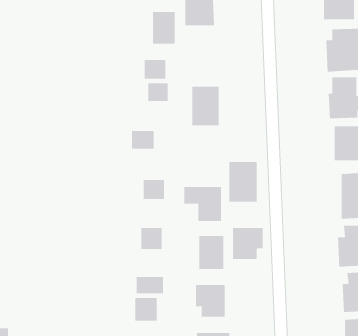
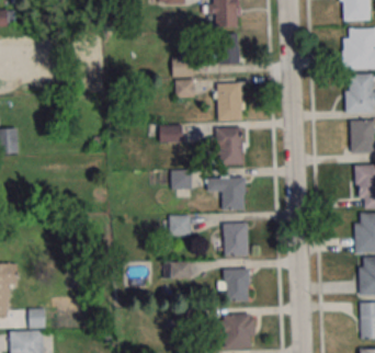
building: [152,12,175,44] -> [218,34,240,65]
building: [228,161,257,202] -> [216,126,243,164]
building: [232,227,263,260] -> none
building: [135,297,157,322] -> none

